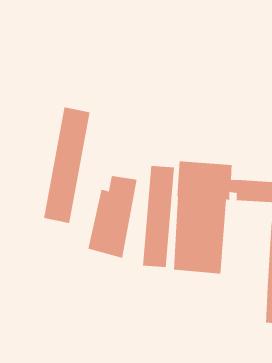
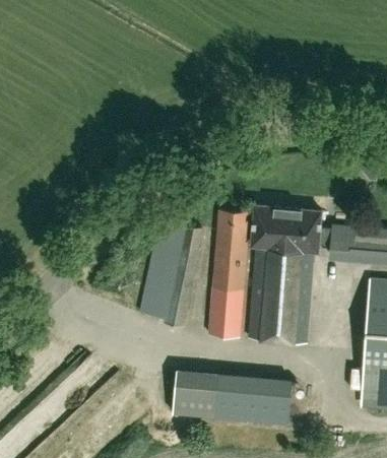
building: [44,106,90,224] -> none
building: none -> [172,369,293,424]

